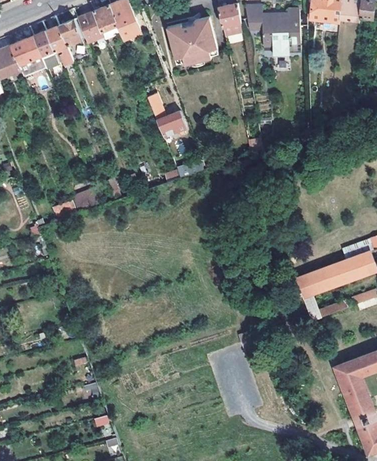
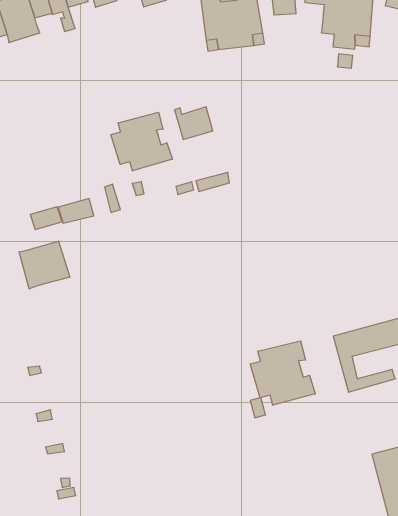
building: none -> [111,112,172,171]
building: none -> [19,241,70,289]
building: none -> [250,341,315,405]

